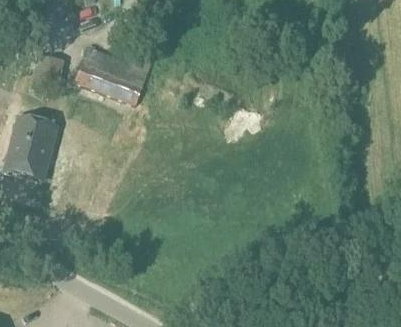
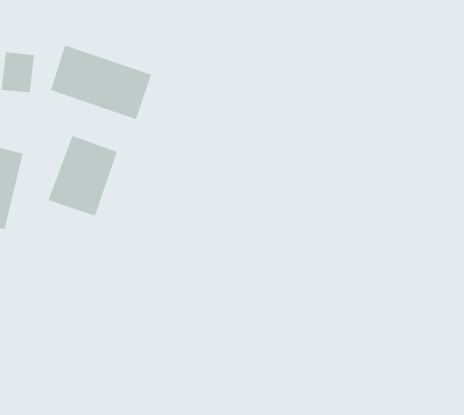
building: none -> [48,135,117,217]

